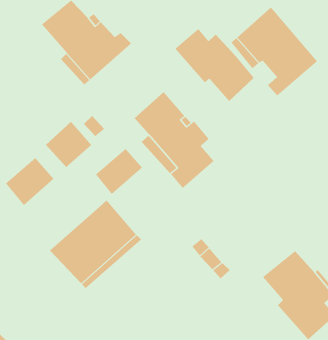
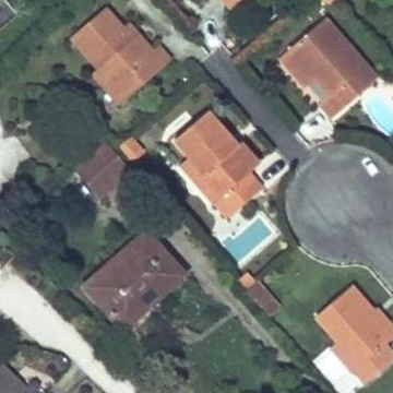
building: [175,28,255,102] -> none
building: [95,148,143,195] -> none
building: [5,157,54,206] -> none

